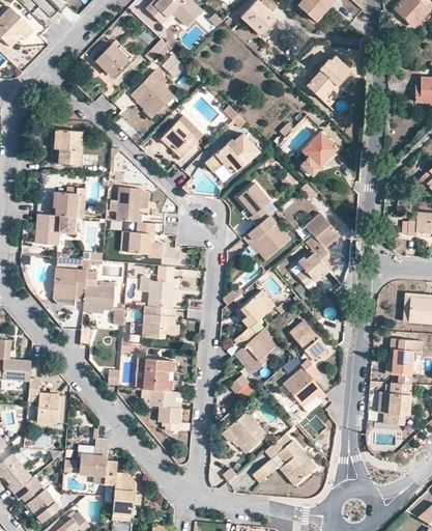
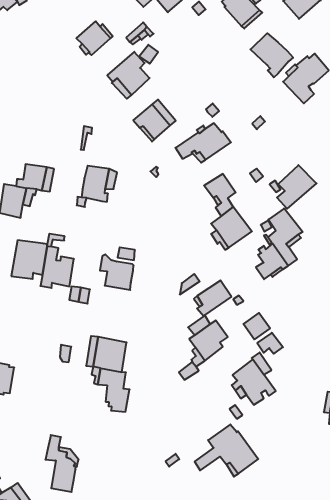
building: none -> [250,33,293,77]
building: [57,131,84,166] -> none
building: [300,131,339,175] -> [277,165,317,209]
building: [119,222,164,256] -> none
building: [142,306,176,338] -> none
building: [222,411,267,454] -> none
building: [79,438,108,477] -> none

